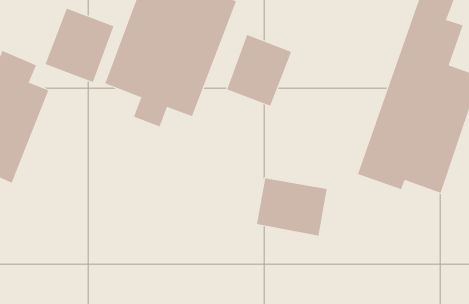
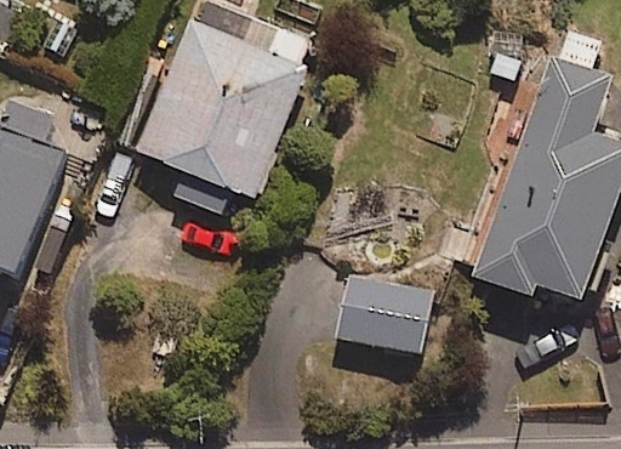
building: [45,8,114,83] -> none
building: [227,34,292,106] -> none

